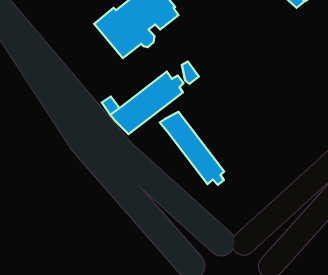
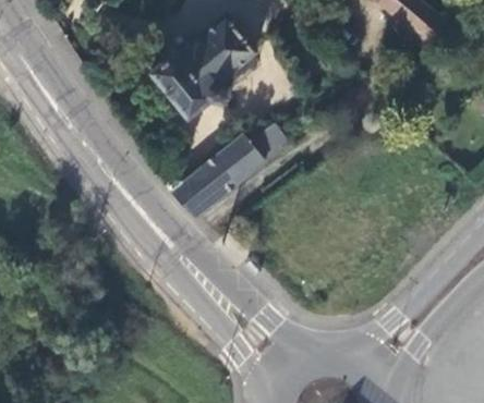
building: [160,112,224,185] -> none

